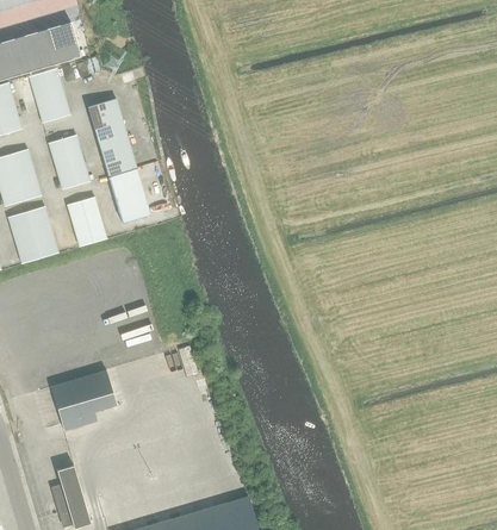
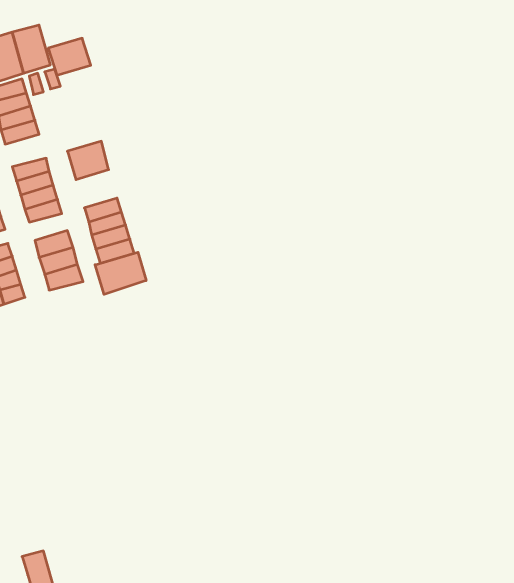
building: [87,99,123,130] -> [48,38,91,75]
building: [101,145,136,176] -> none
building: none -> [95,252,146,294]
building: [51,370,116,431] -> none

